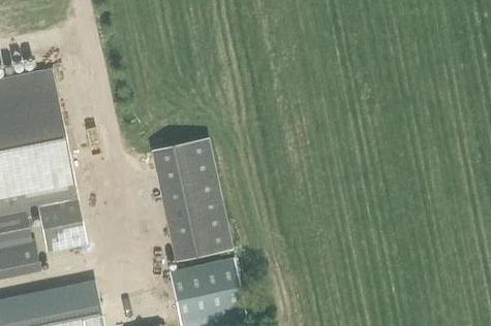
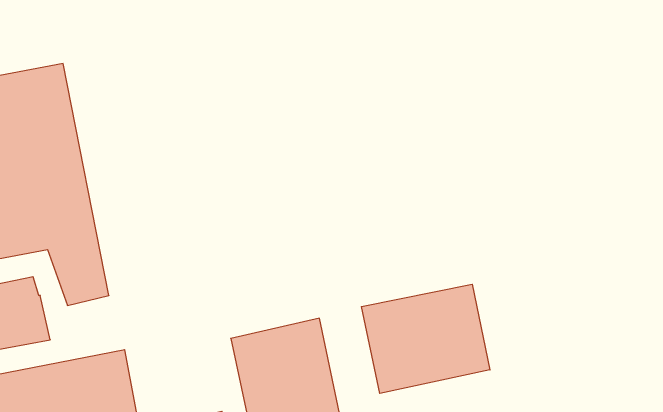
building: [152,137,232,259] -> none
building: none -> [361,284,490,393]

